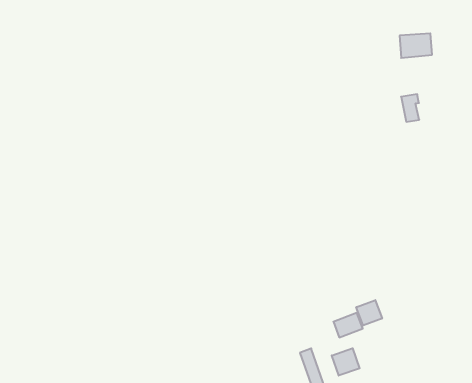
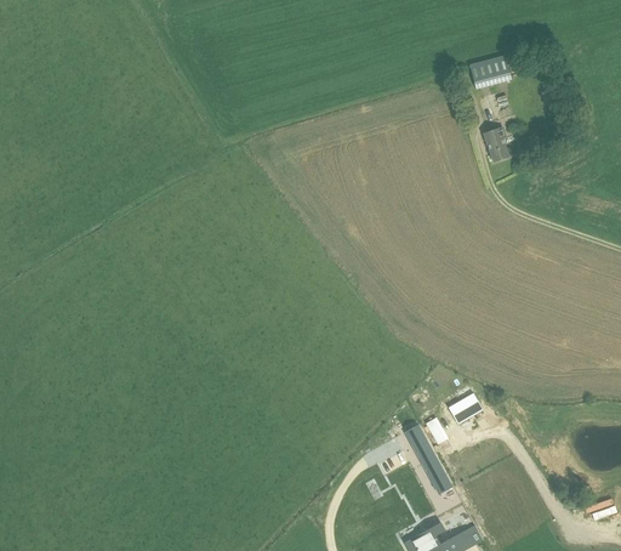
building: [356,300,382,326] -> none
building: [332,348,360,376] -> none

